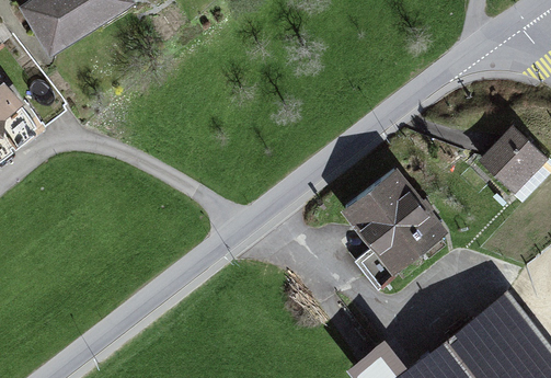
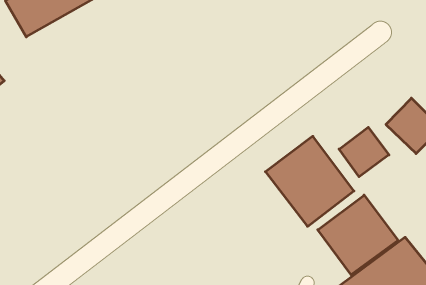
building: none -> [339,127,389,177]
building: none -> [318,195,398,275]

